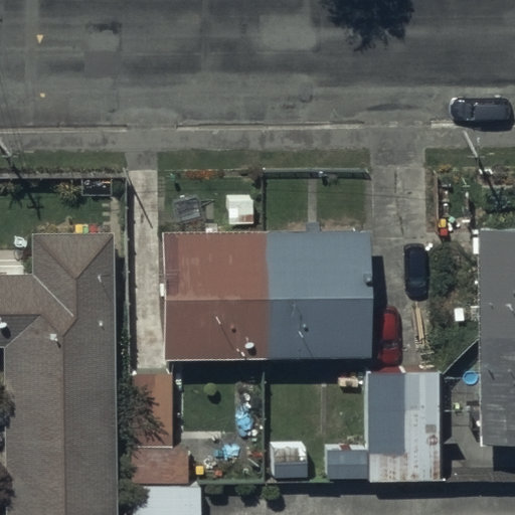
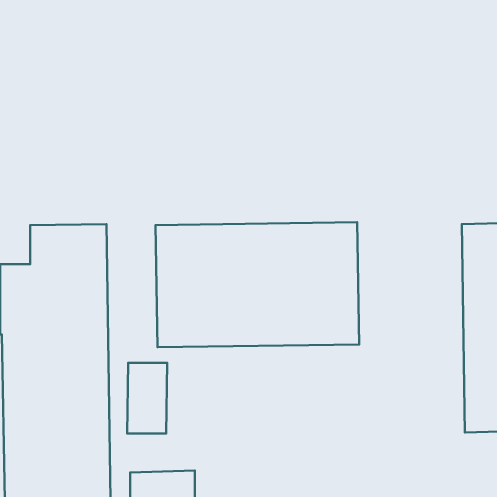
building: [368,372,439,480] -> none

